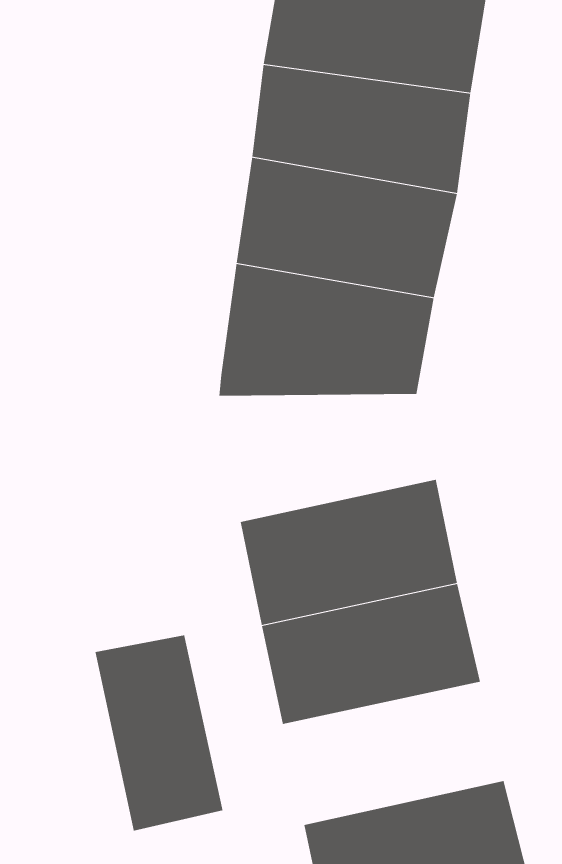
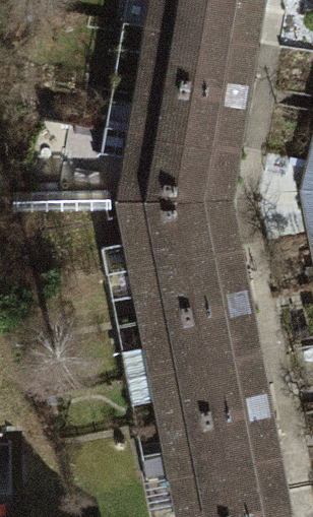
building: none -> [118,221,233,288]
building: [95,635,223,831] -> none
building: none -> [151,373,268,448]

